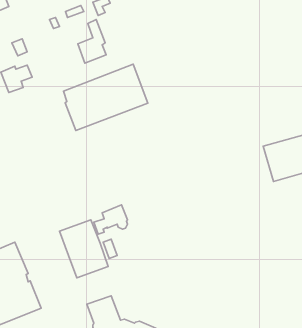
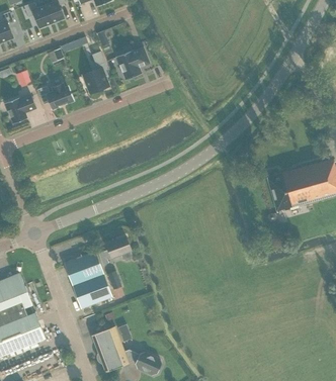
building: none -> [116,46,150,80]
building: none -> [37,84,73,108]
building: [63,64,148,131] -> none

